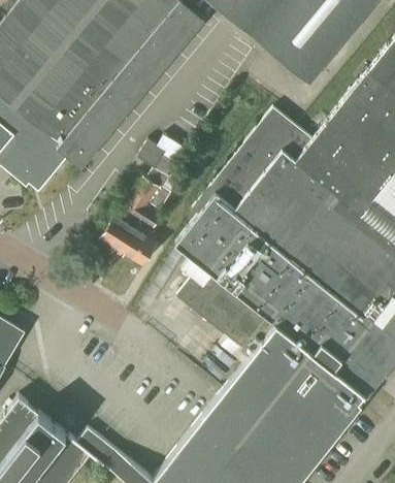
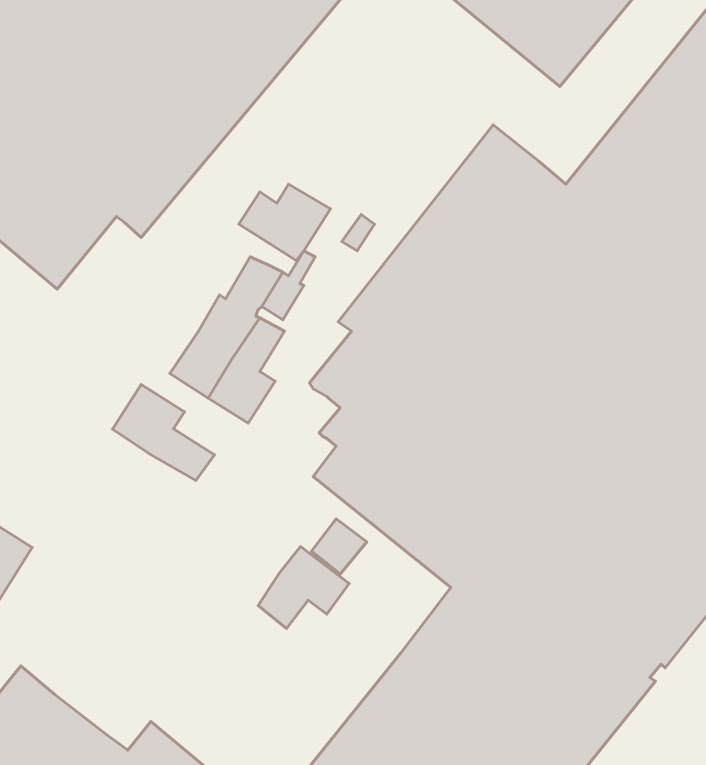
building: none -> [112,385,214,481]
building: none -> [258,547,349,628]

